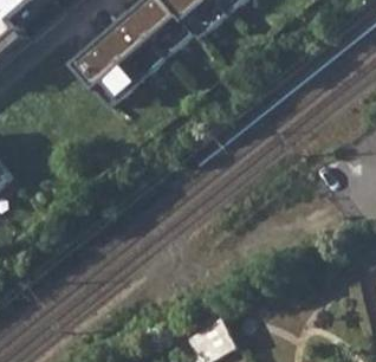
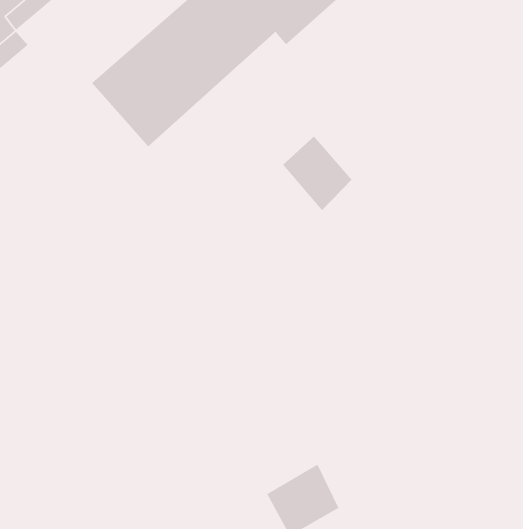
building: none -> [282,135,352,211]

